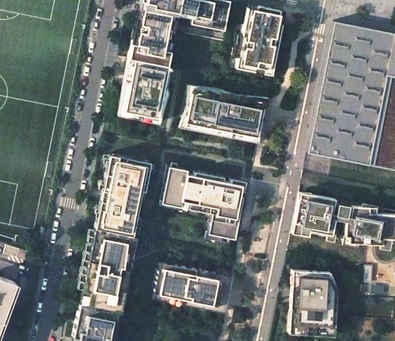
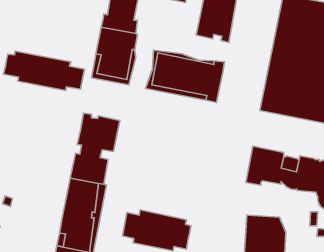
building: none -> [4,51,85,91]
building: [162,167,247,240] -> none

